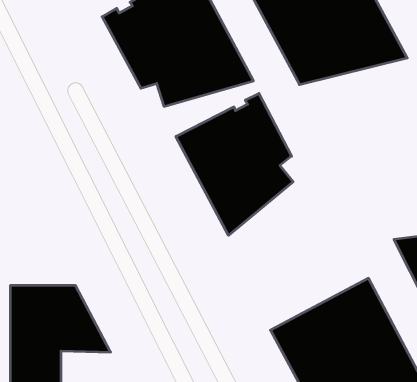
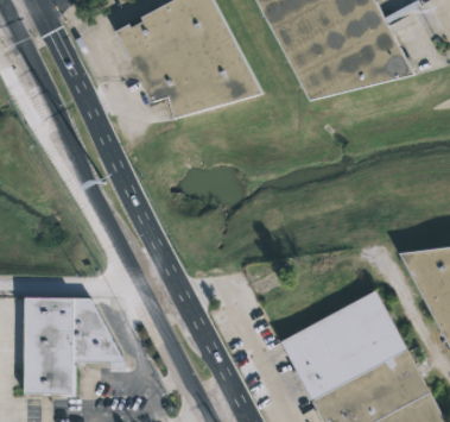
building: [176,93,293,235] -> none

